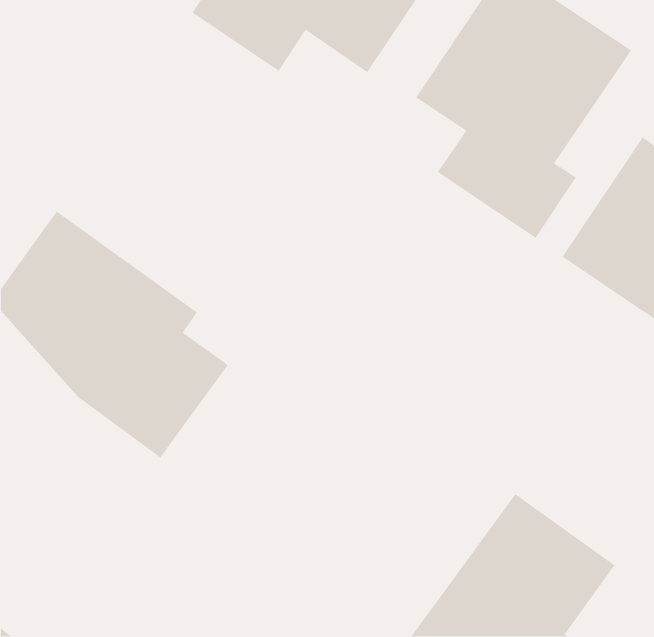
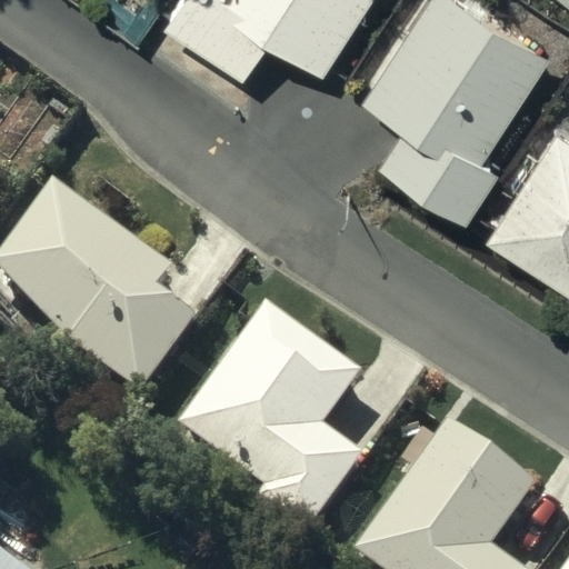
building: none -> [178,305,362,532]

